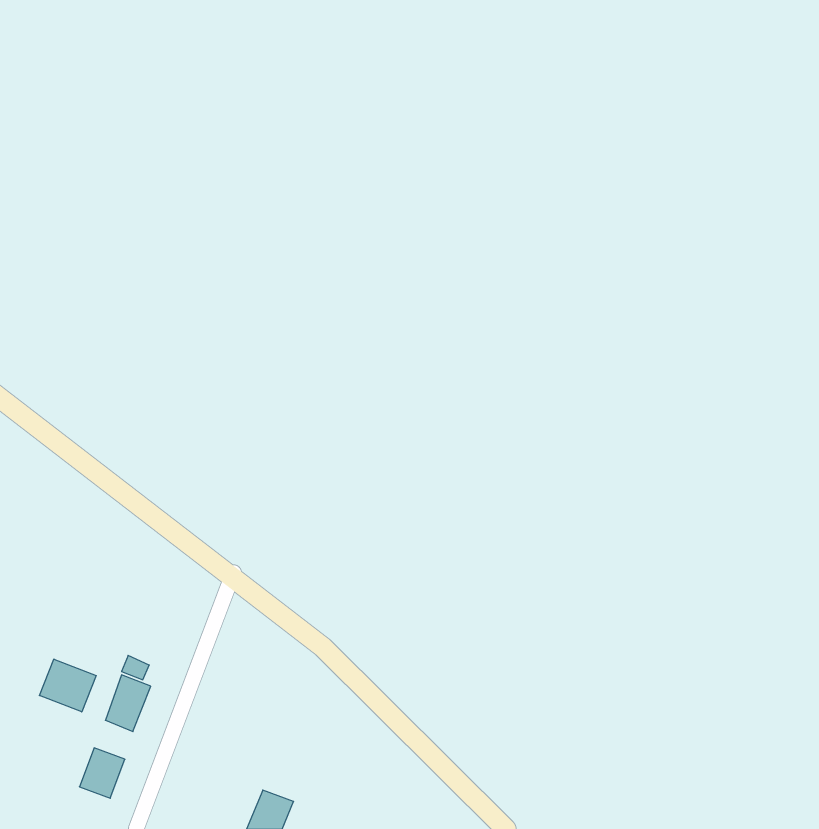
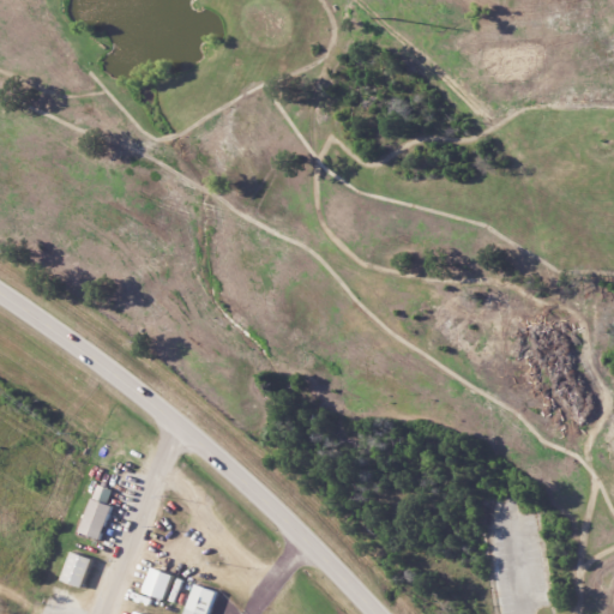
building: [39,659,96,712] -> none
building: none -> [143,568,174,602]

